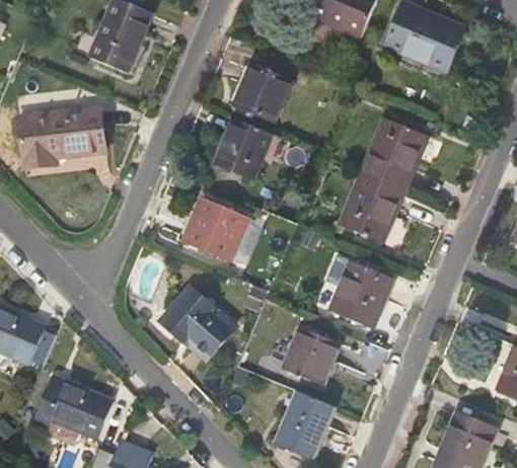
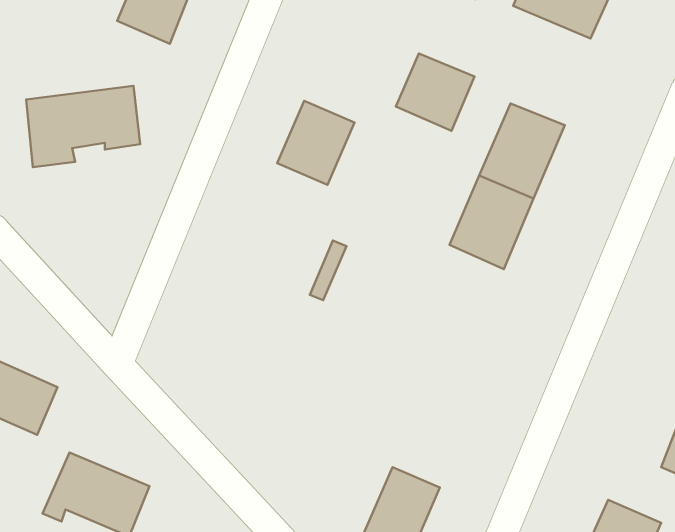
building: [230,67,289,125] -> [396,53,474,131]
building: [183,197,248,260] -> none
building: [330,256,392,323] -> none
building: [166,284,235,354] -> none
building: [284,324,338,383] -> none

